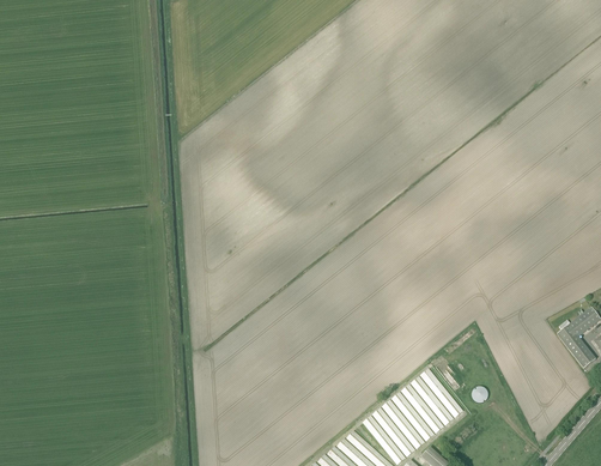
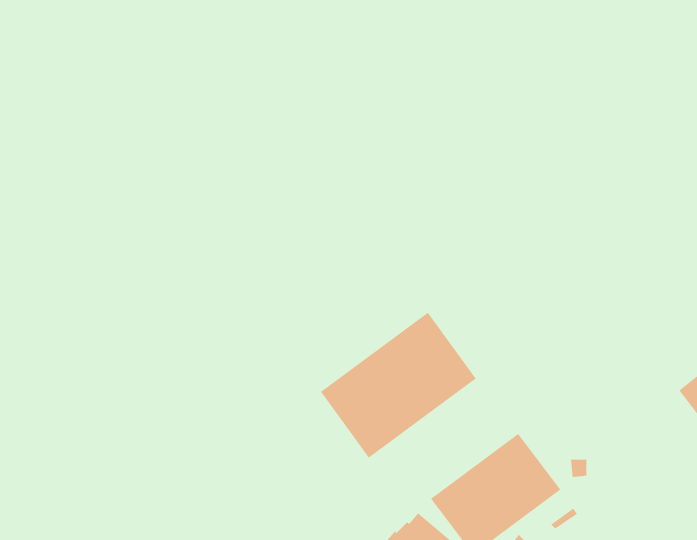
building: none -> [320,312,477,459]

